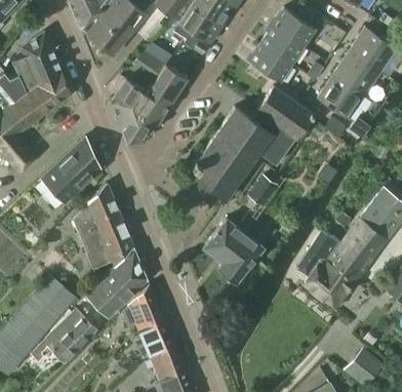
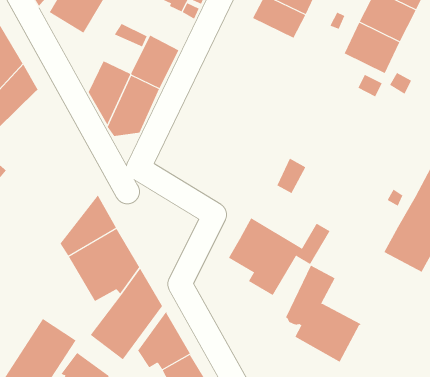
building: [190,86,314,200] -> none
building: [41,138,100,203] -> none
building: [297,229,357,310] -> [285,265,361,363]

